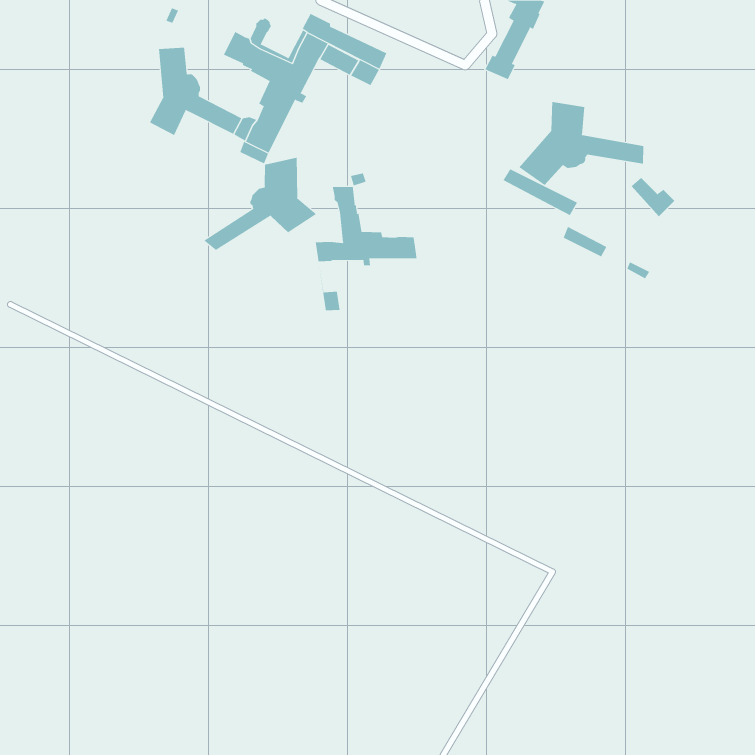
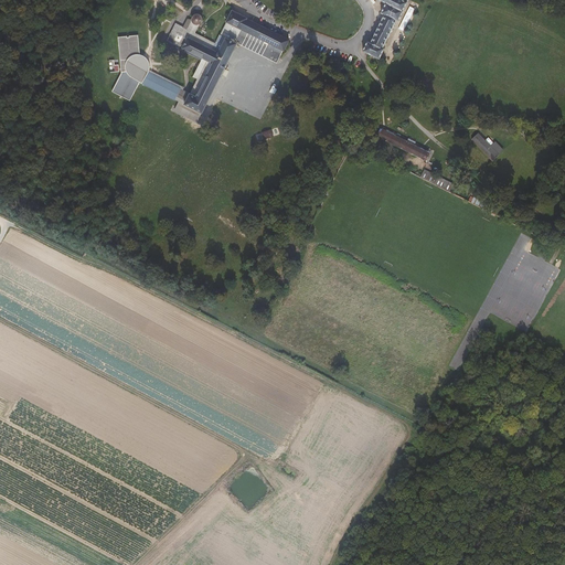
building: [518,101,644,186] -> none
building: [203,157,317,251] -> none
building: [315,186,417,311] -> none

